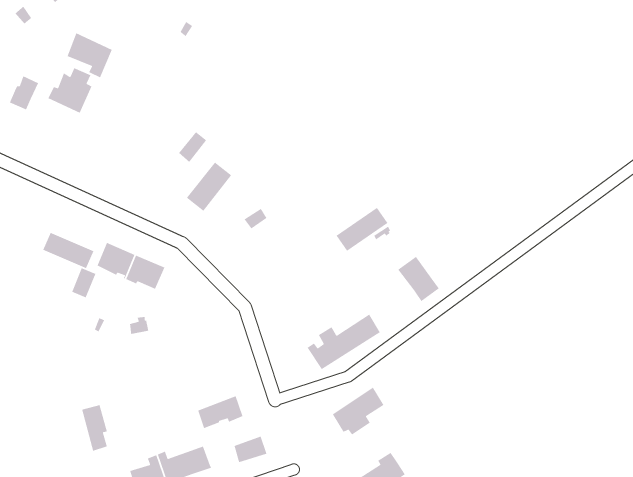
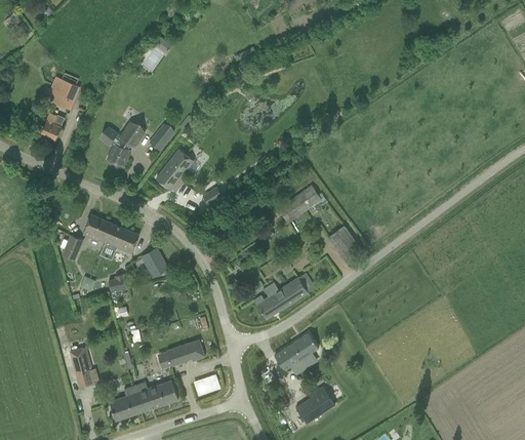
building: [66,32,113,78] -> none
building: [9,75,39,110] -> [40,112,65,141]
building: none -> [100,122,145,166]
building: [42,232,94,269] -> none
building: none -> [142,247,168,277]

